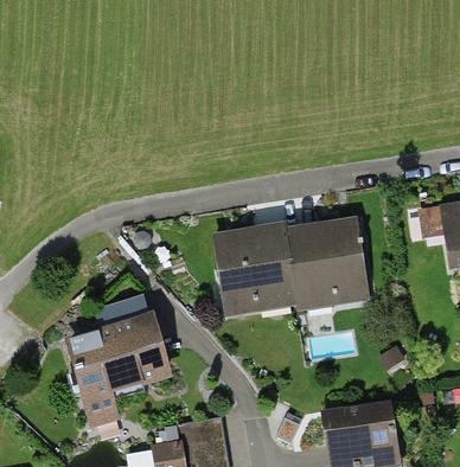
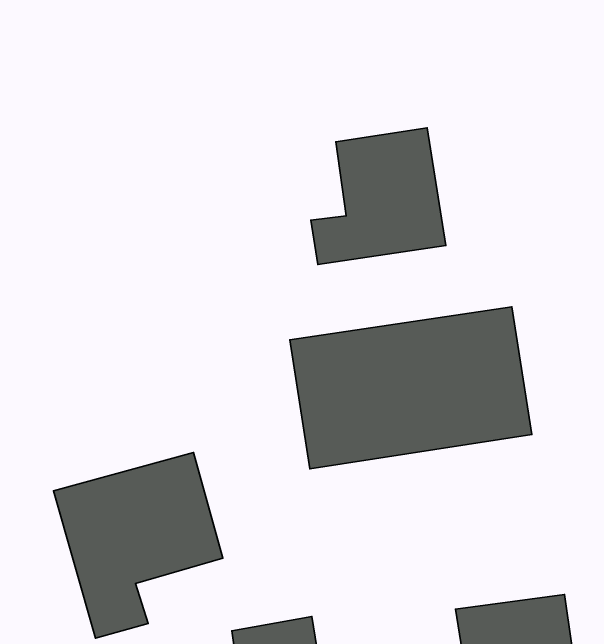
building: none -> [311,128,446,264]

